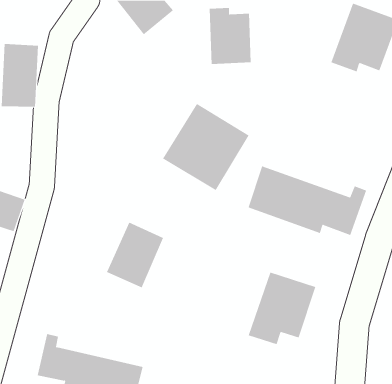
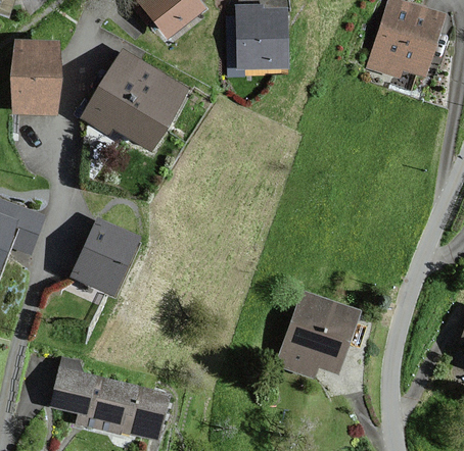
building: [162,103,250,191] -> [89,57,183,151]
building: [248,165,367,236] -> none
building: [106,222,164,288] -> [74,217,136,289]

